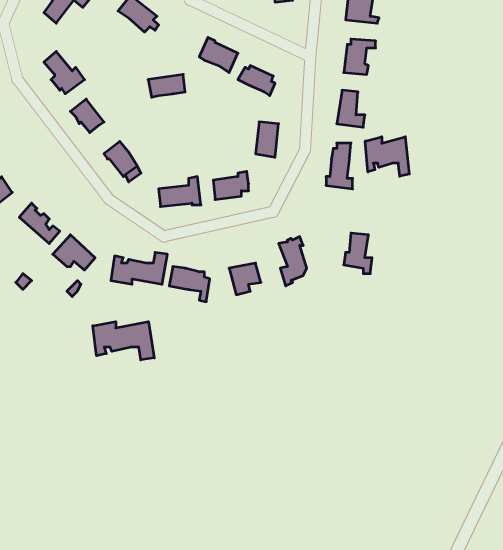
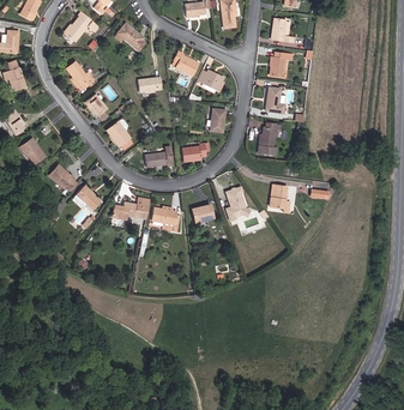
building: [365,137,409,176] -> none
building: [93,322,154,360] -> none

